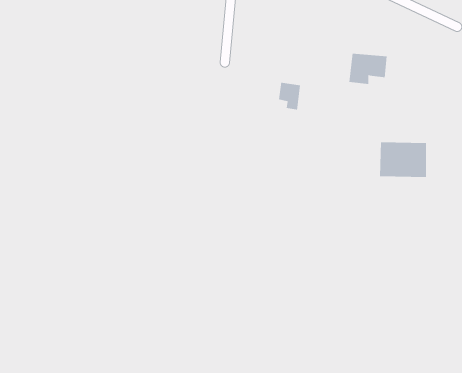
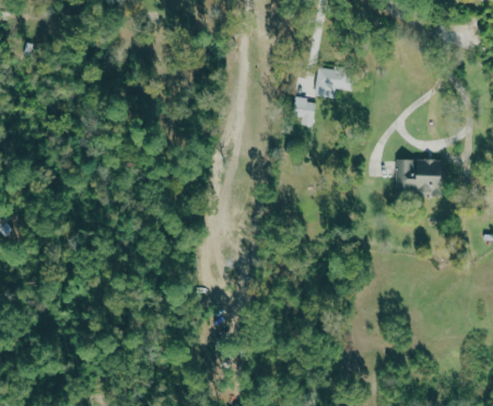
building: [348,53,388,84] -> [314,67,353,98]

